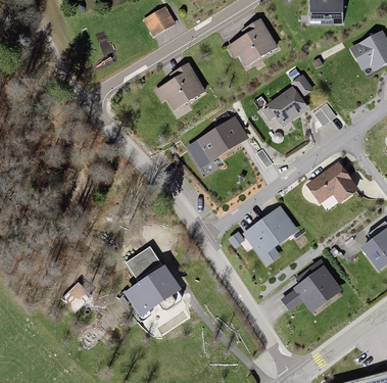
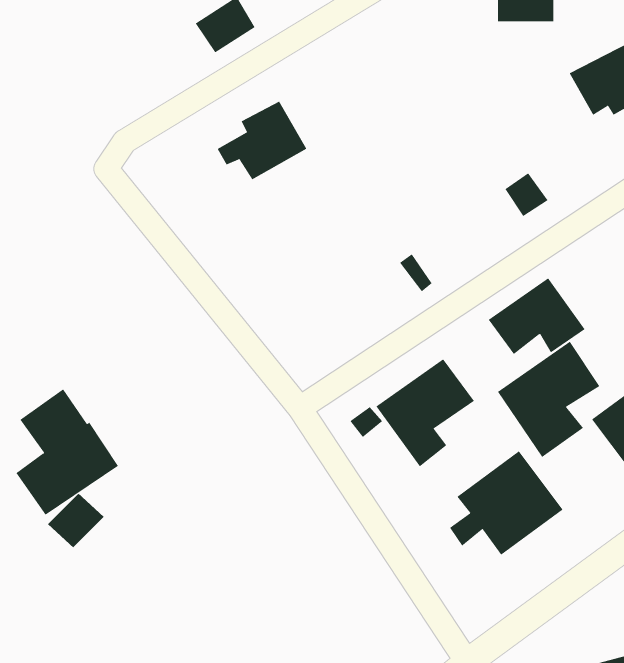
building: [226,19,276,63] -> none
building: [263,76,315,128] -> none
building: [195,116,250,163] -> none
building: none -> [497,341,600,458]
building: [124,244,181,315] -> [16,389,119,516]

